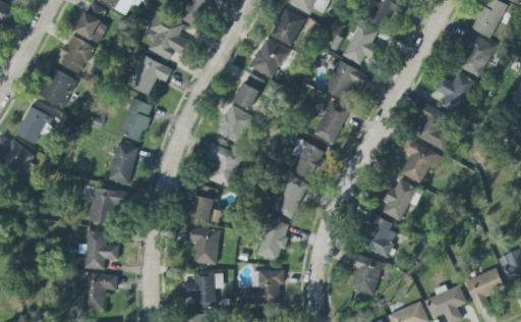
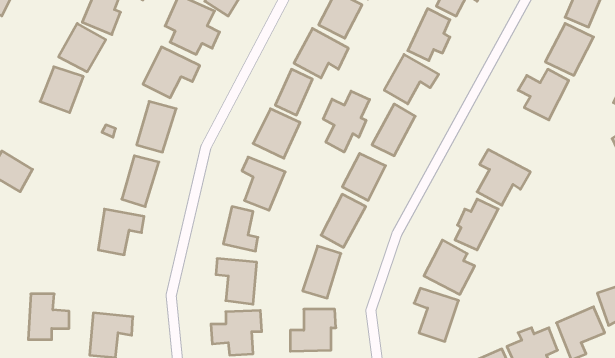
building: none -> [323,91,370,152]
building: [413,104,451,150] -> none
building: [15,105,54,144] -> none
building: [84,230,118,268] -> [28,294,69,340]

